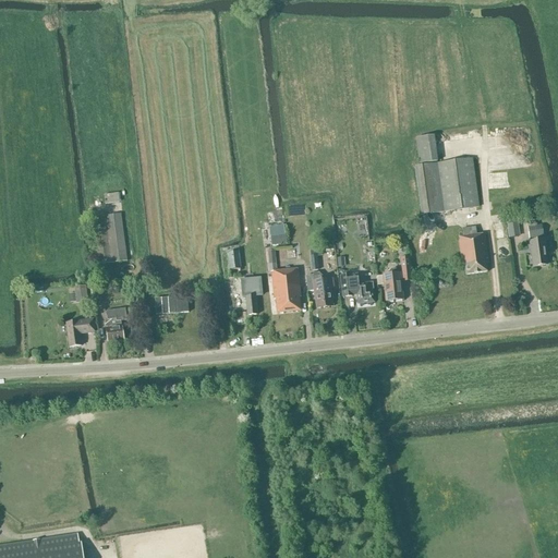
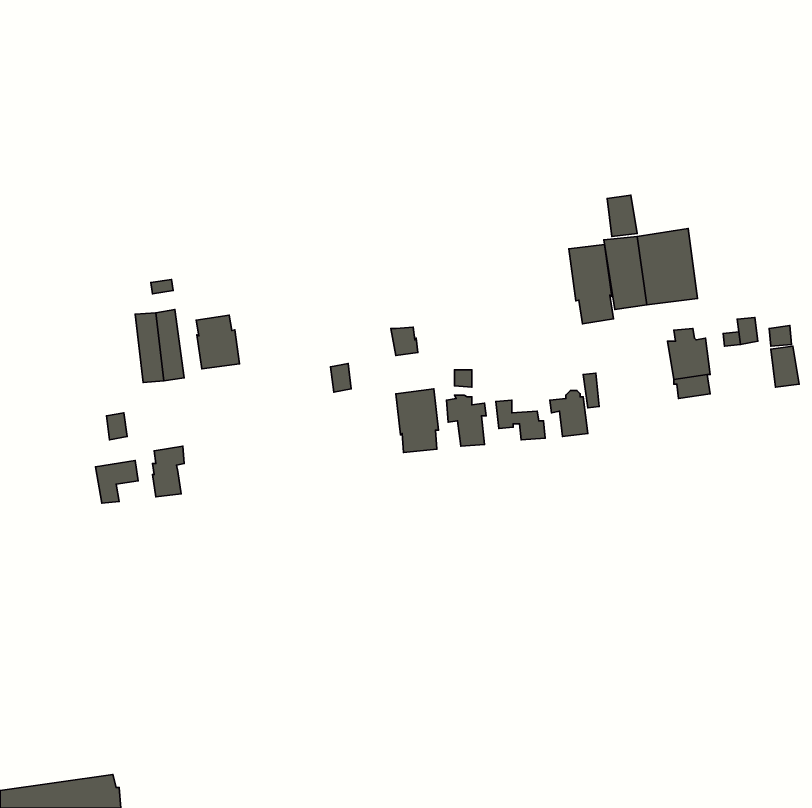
building: none -> [569,244,614,324]
building: none -> [196,315,240,369]
building: [241,277,262,314] -> none
building: [154,291,187,311] -> none

